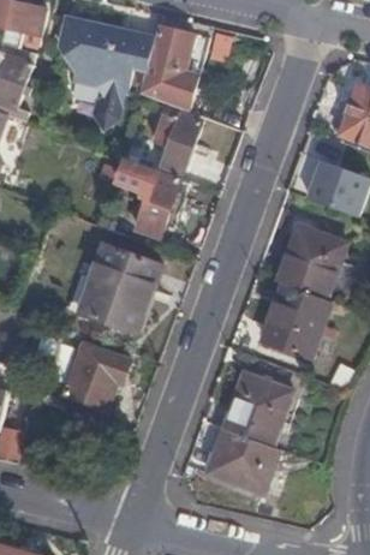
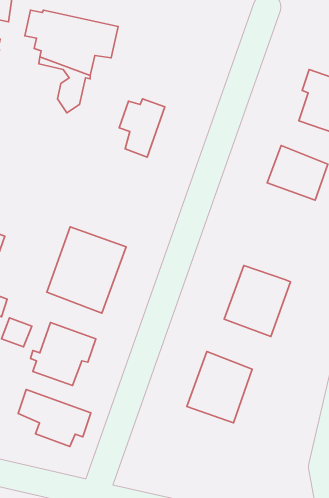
building: [138,25,193,112] -> none
building: [117,161,186,235] -> none
building: [275,228,344,298] -> none
building: none -> [18,390,91,446]
building: [207,429,279,493] -> none

